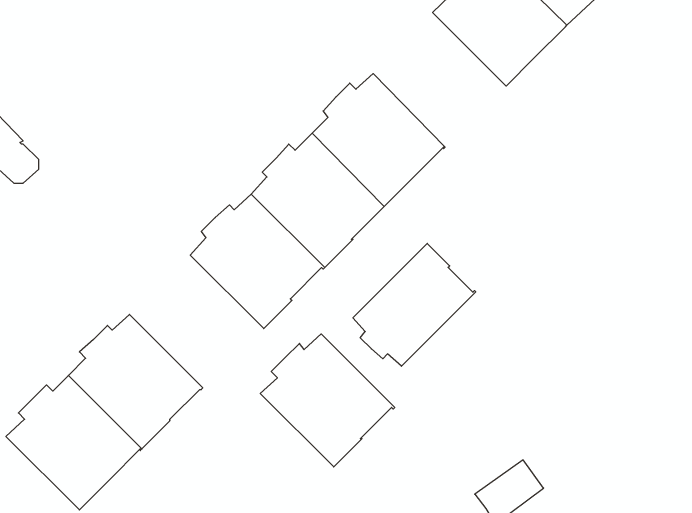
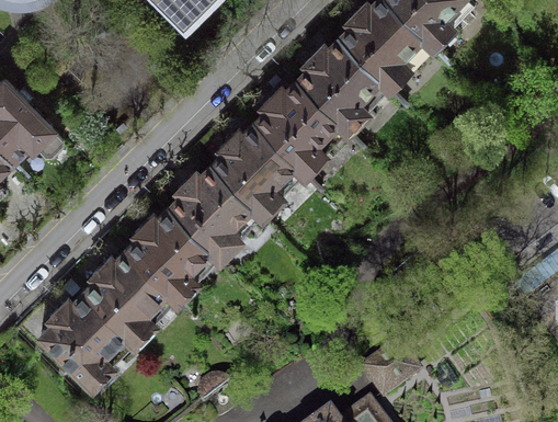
building: none -> [297,35,390,129]
building: [353,243,476,366] -> none
building: [260,334,395,467] -> [126,205,220,298]

